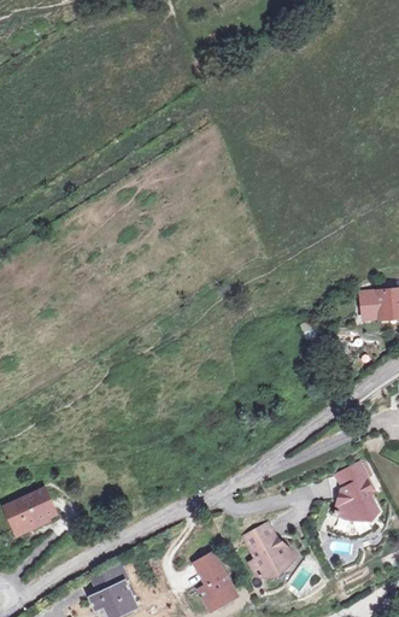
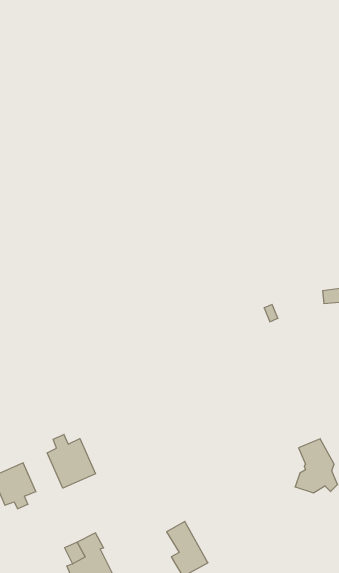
building: none -> [47,434,95,488]
building: [245,525,293,577] -> none

